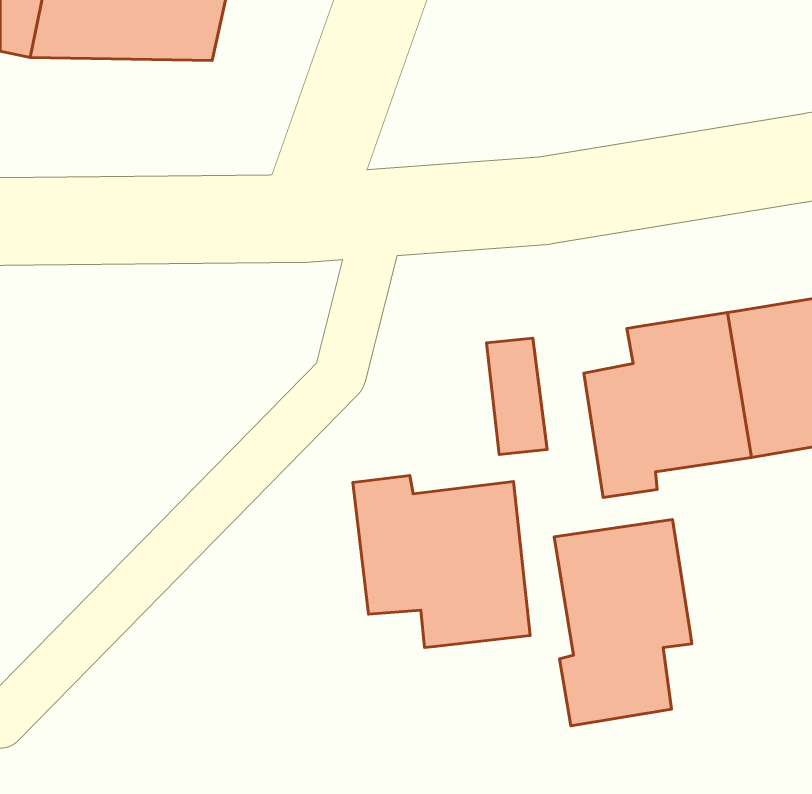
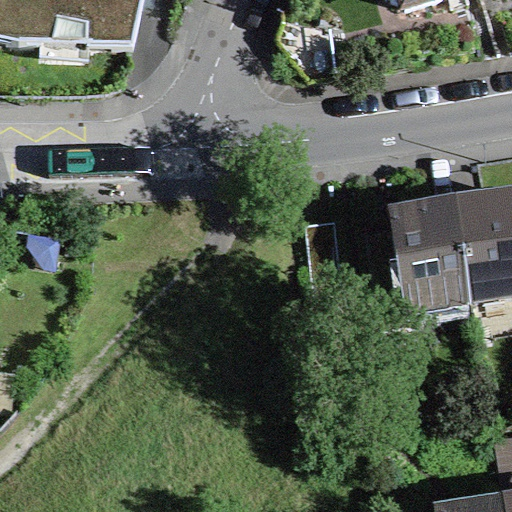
building: [353,475,530,648] -> none
building: [554,519,692,726] -> none

